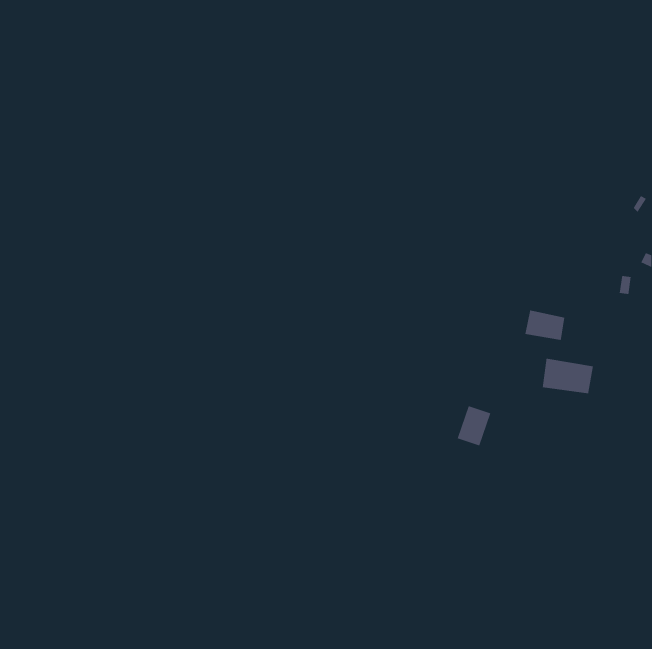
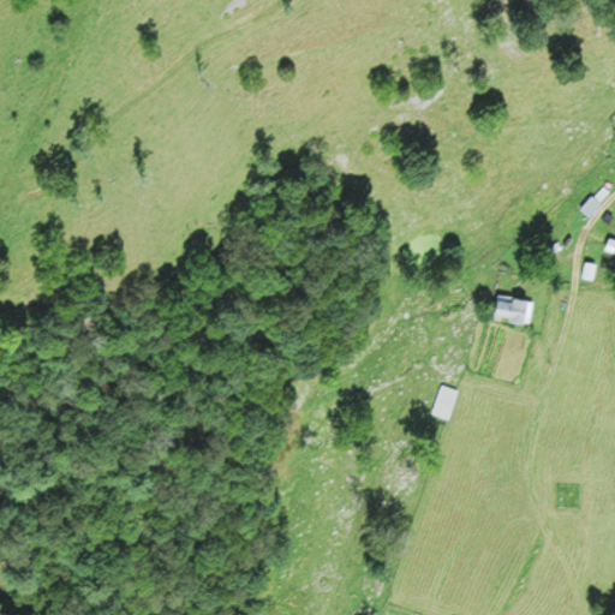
building: [542,358,594,394] -> none

